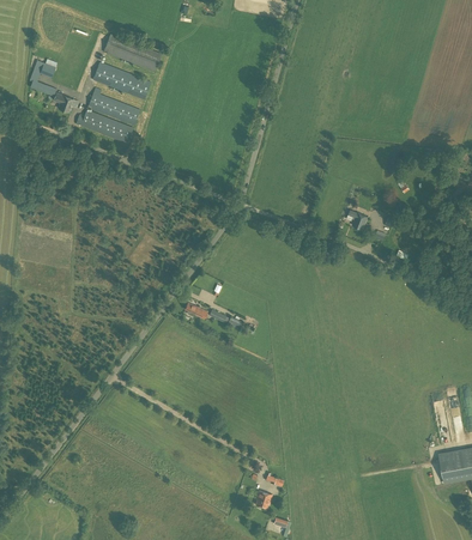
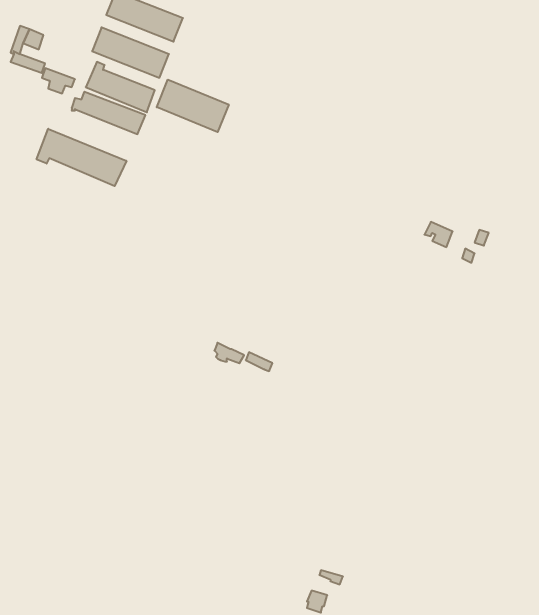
building: none -> [157,80,229,132]
building: none -> [37,129,126,186]

